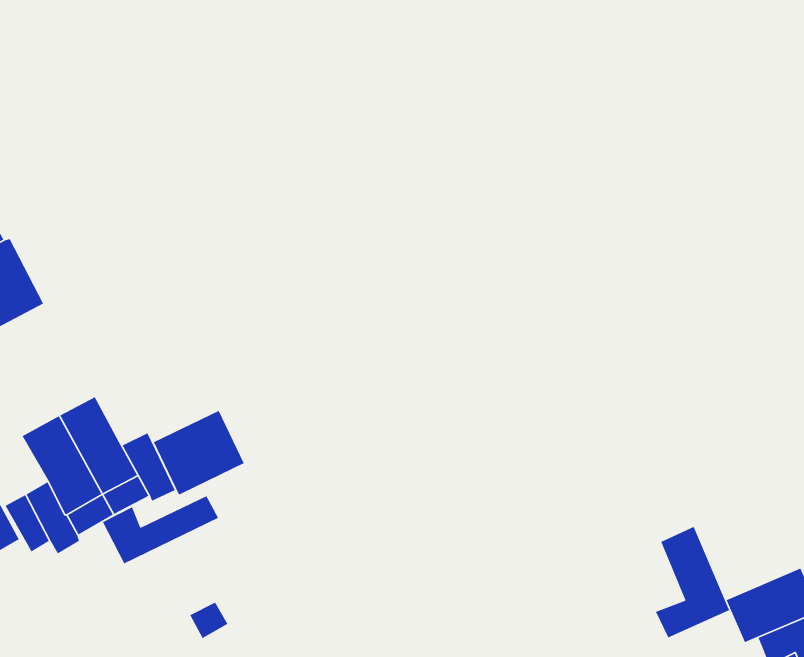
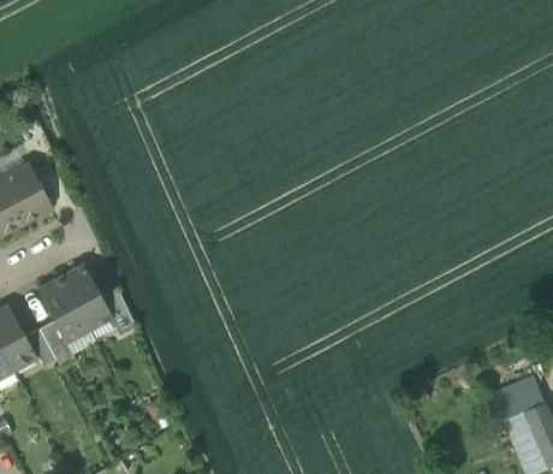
building: [153,410,245,496] -> none
building: [102,495,219,564] -> none
building: [655,526,730,639] -> none

